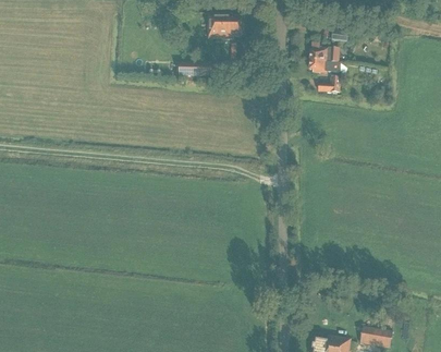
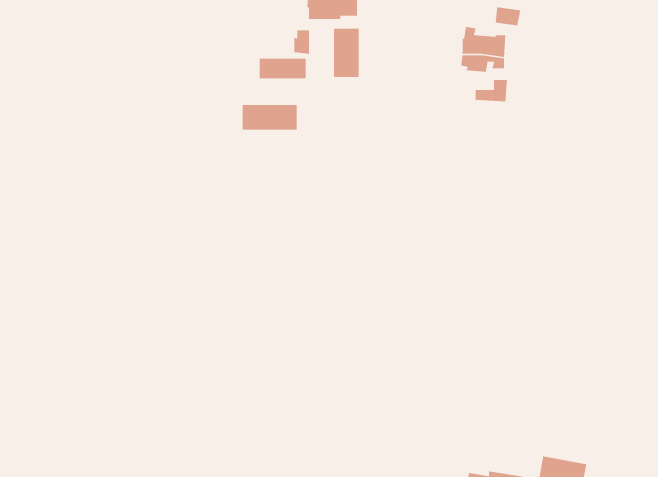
building: none -> [333,28,360,78]
building: none -> [242,104,298,131]

